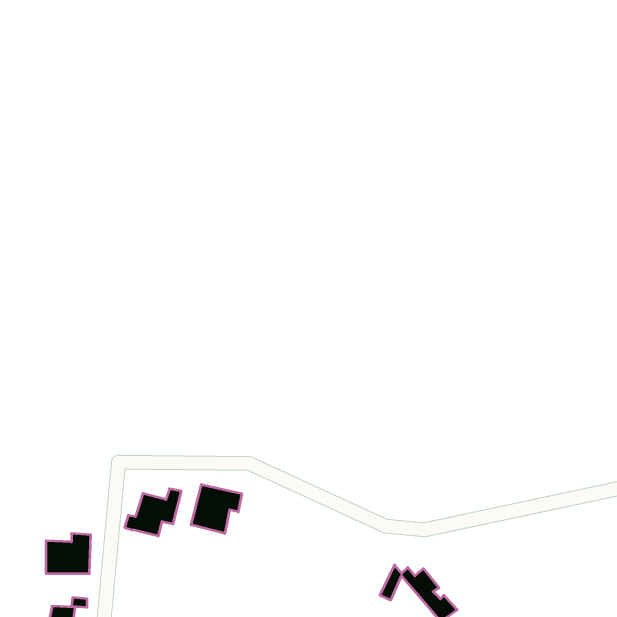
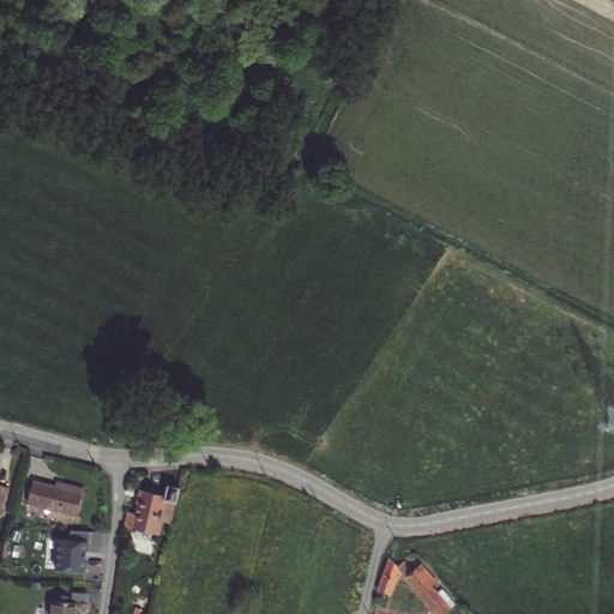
building: [191,484,242,534] -> none
building: none -> [26,482,83,517]

